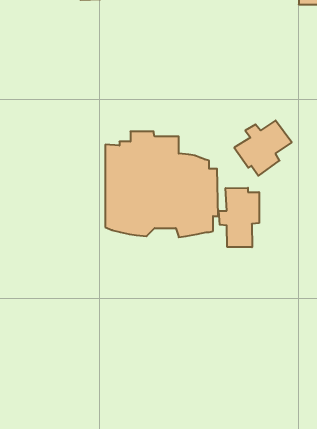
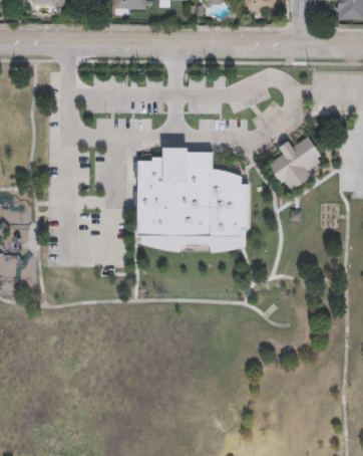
building: [219,188,259,247] -> none

